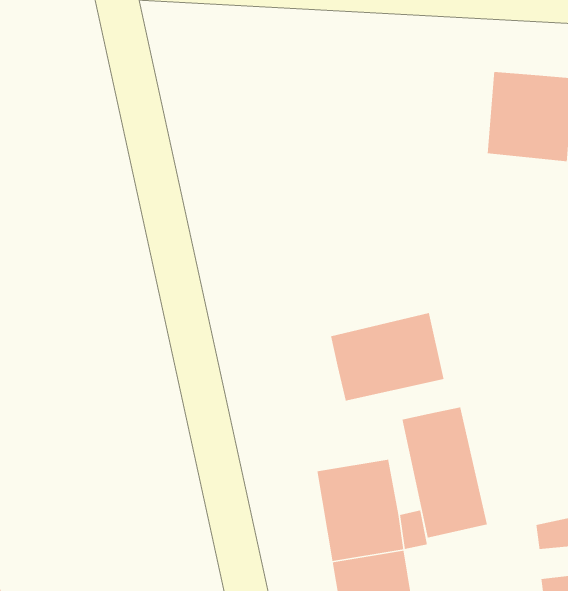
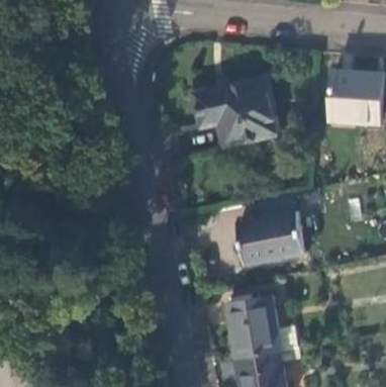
building: none -> [192,79,277,149]
building: [402,406,488,539] -> none

